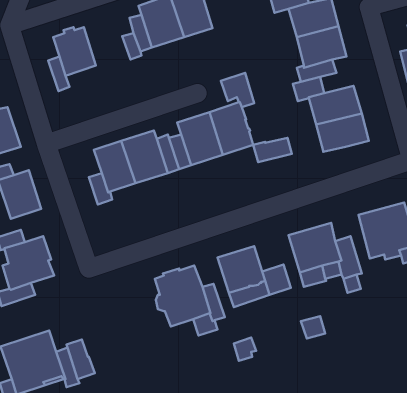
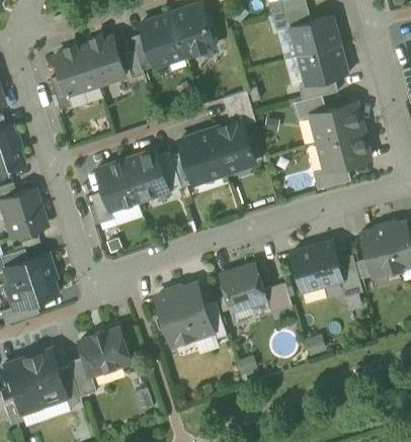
building: none -> [86,36,125,84]
building: [253,138,292,162] -> [313,165,351,189]
building: none -> [79,328,131,374]

